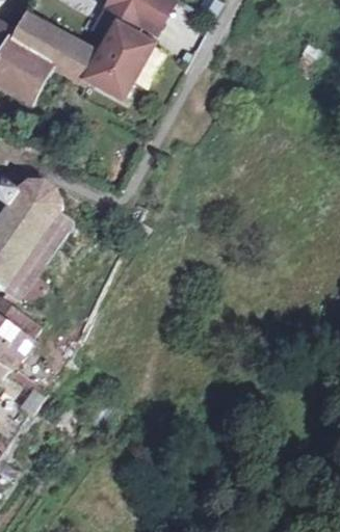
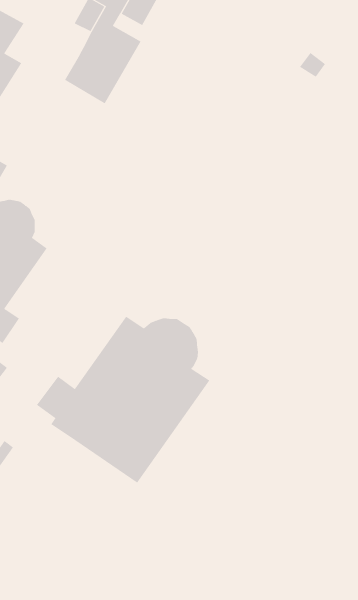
building: [34,28,98,82] -> none
building: none -> [36,316,210,483]

